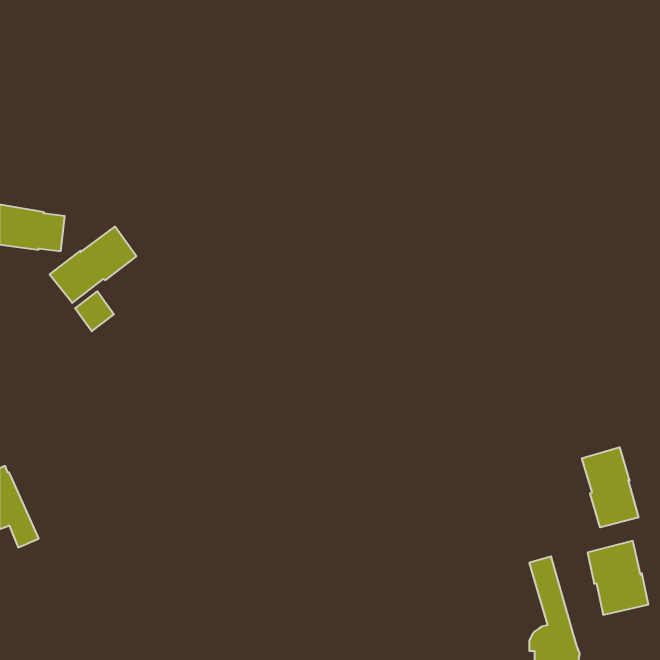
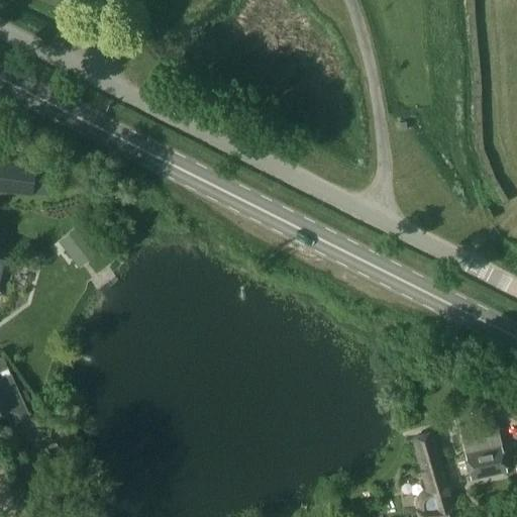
building: [50,227,136,303] -> none
building: [582,447,638,527] -> none

